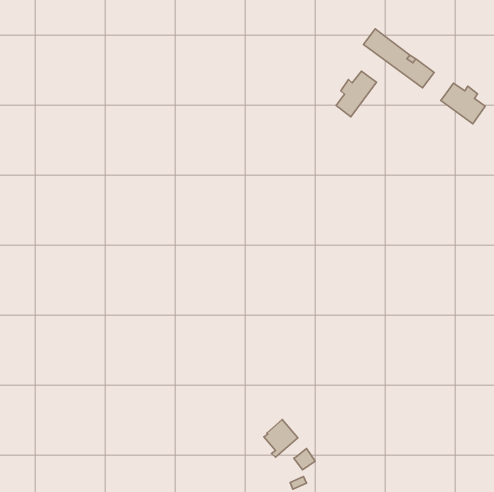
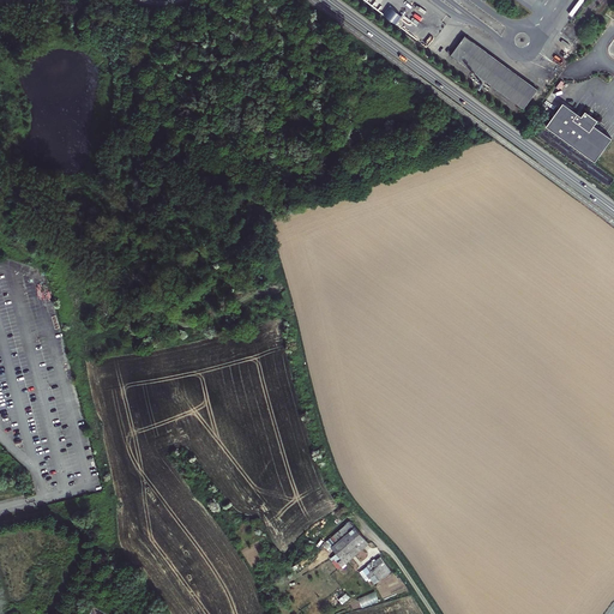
building: [336,71,376,117] -> none

